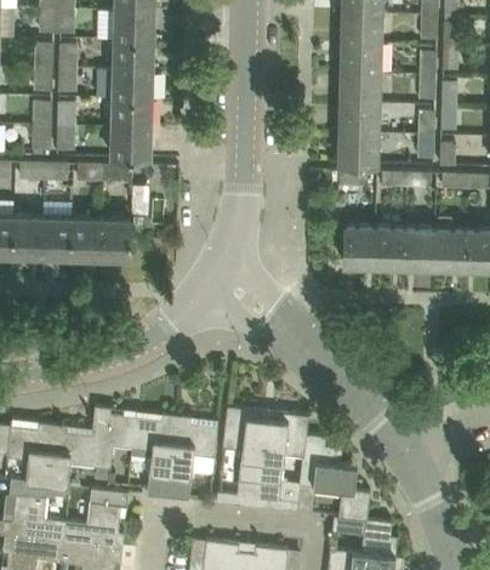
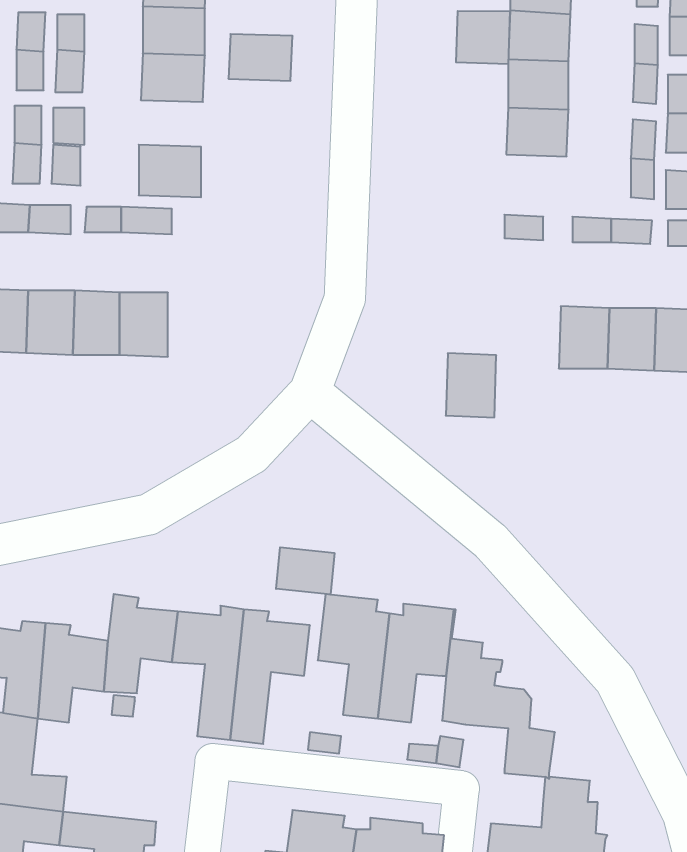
building: none -> [456,11,510,64]
building: [110,98,150,127] -> [228,34,293,81]
building: [338,132,377,164] -> none
building: [342,226,374,266] -> [446,353,496,417]
building: none -> [276,547,334,595]
building: [63,489,127,548] -> none

